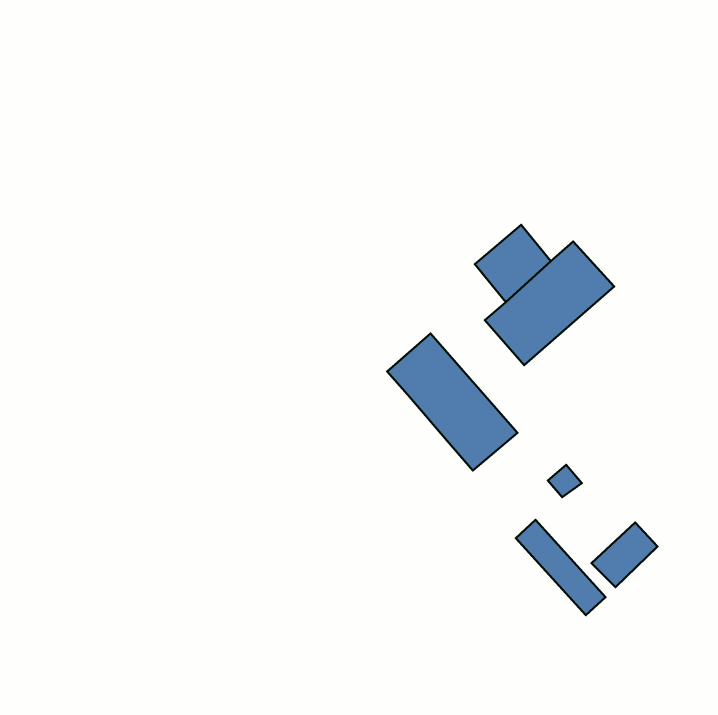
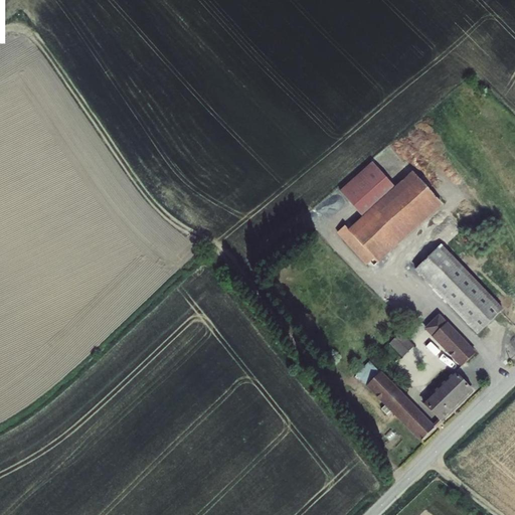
building: [387,334,518,470] -> none
building: none -> [416,244,504,334]
building: none -> [427,315,476,365]

